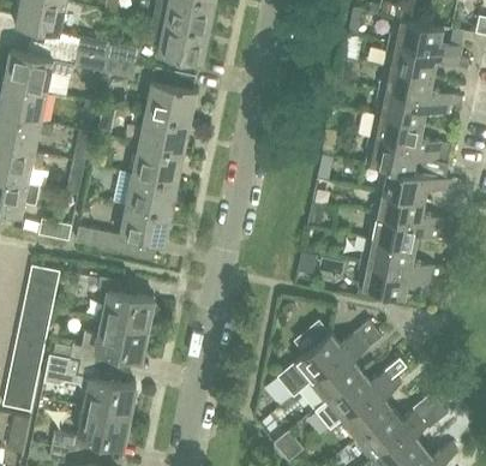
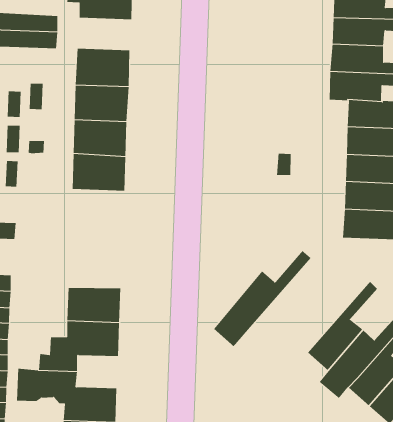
building: [76,203,173,257] -> none
building: [278,319,376,395] -> [213,250,312,347]

